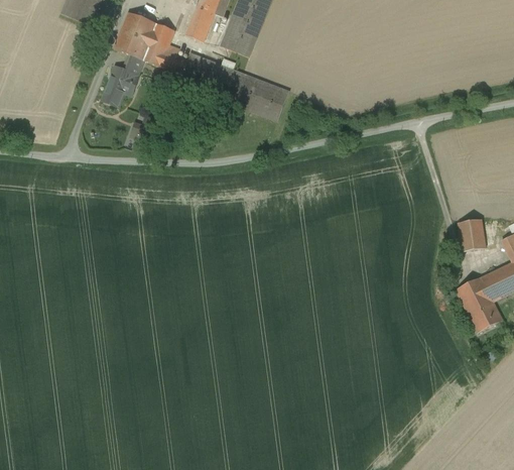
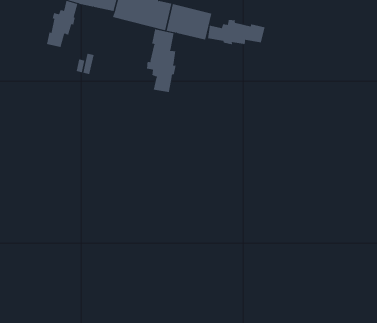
building: none -> [146,28,176,93]
building: none -> [207,19,265,45]

